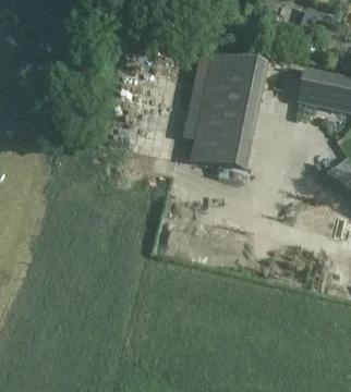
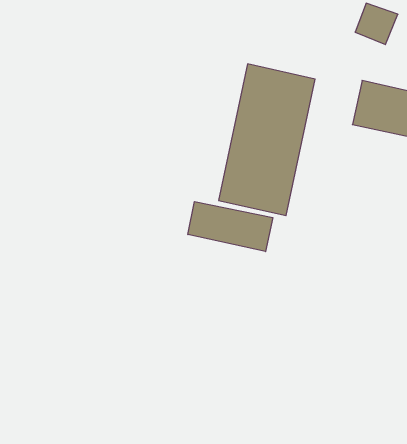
building: none -> [188,202,273,252]

